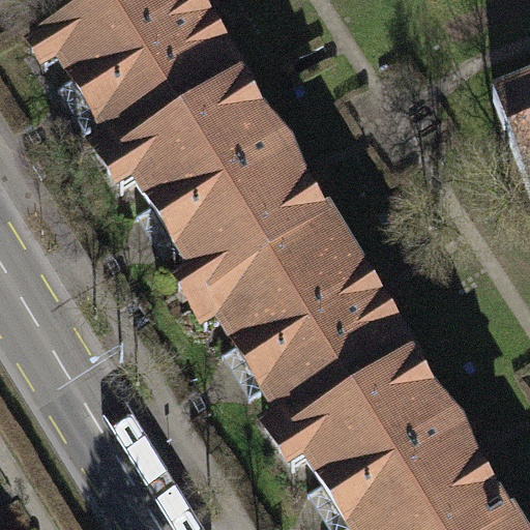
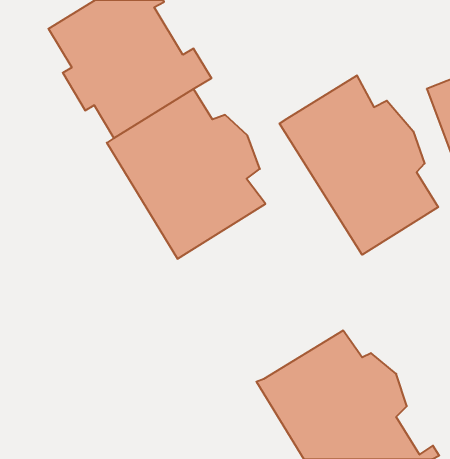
building: none -> [280,75,438,255]
building: [225,225,424,437] -> none

